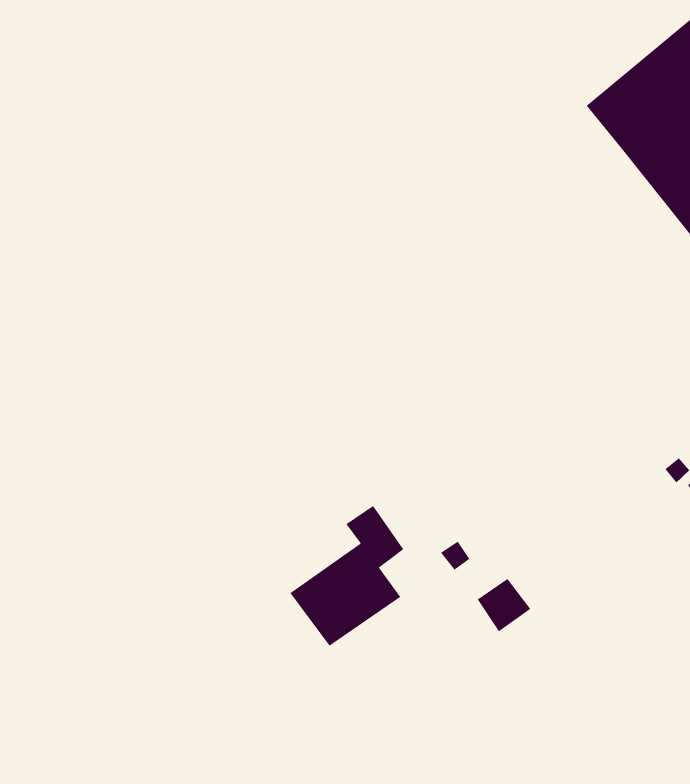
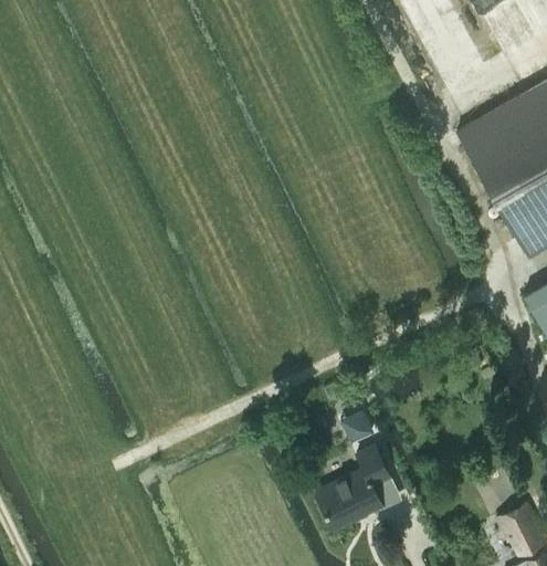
building: [290,505,404,647] -> [315,448,389,530]

